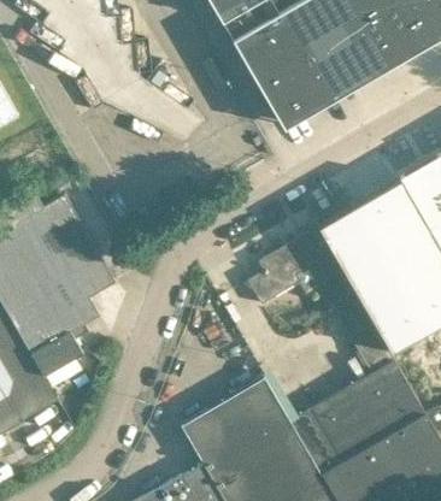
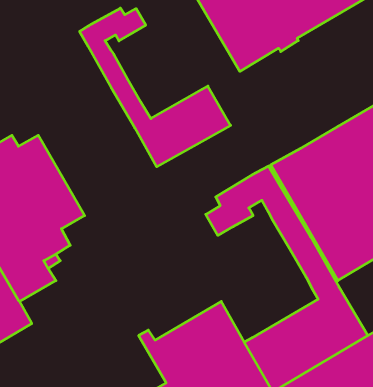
building: none -> [80,8,231,167]

